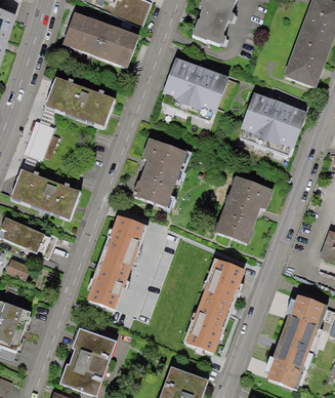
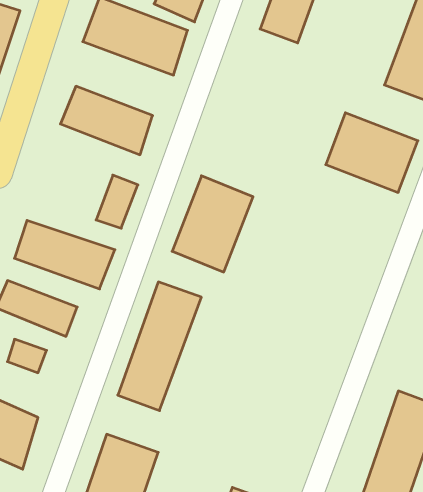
building: [161,58,227,116] -> none
building: [24,118,54,157] -> [96,175,138,228]
building: [215,177,274,247] -> none
building: [183,258,246,354] -> none

